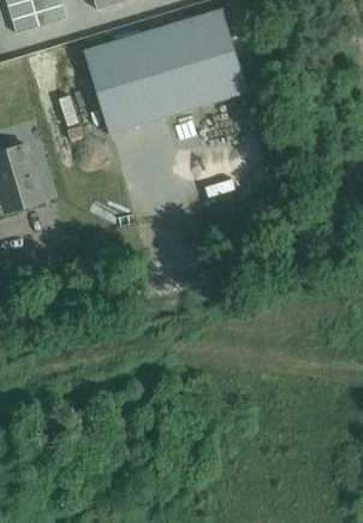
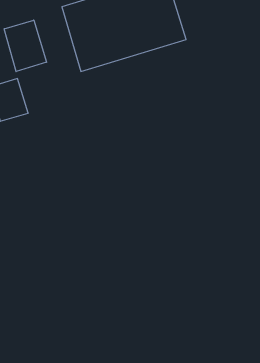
building: none -> [4,20,47,72]

